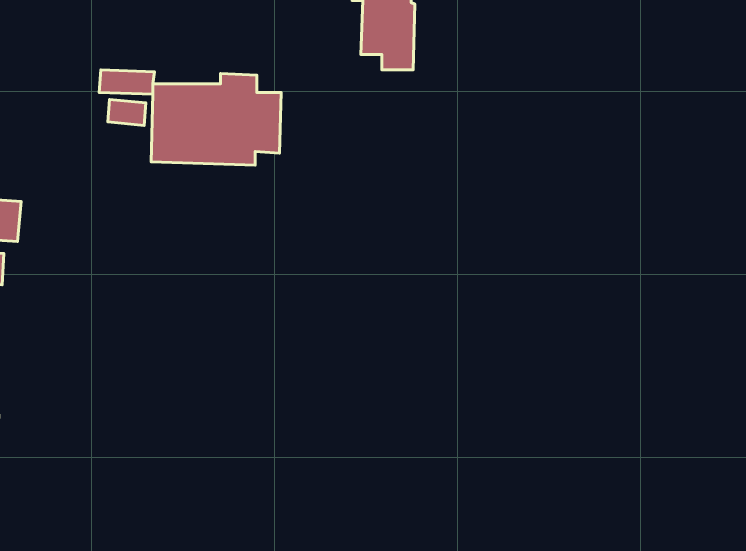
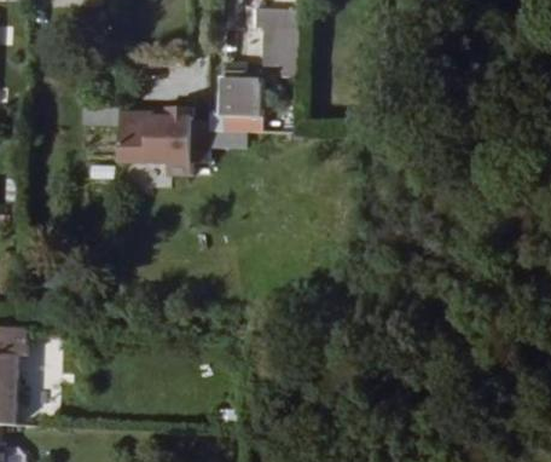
building: none -> [224,67,262,134]

